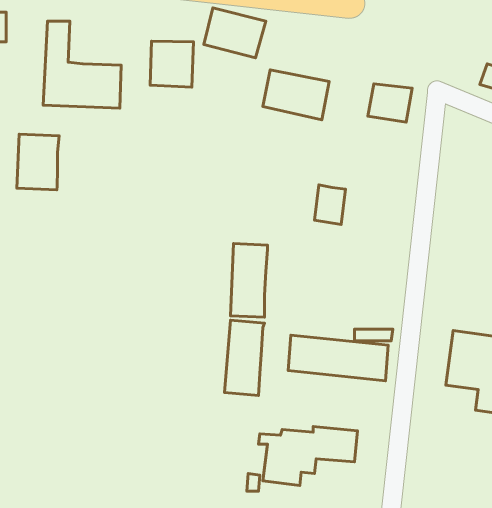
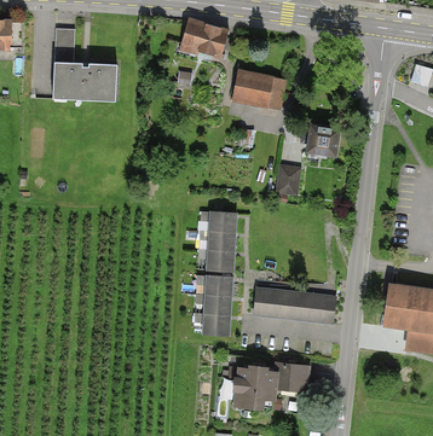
building: [150,41,194,87] -> none
building: [368,84,412,122] -> [305,126,341,157]
building: [17,134,59,190] -> none

